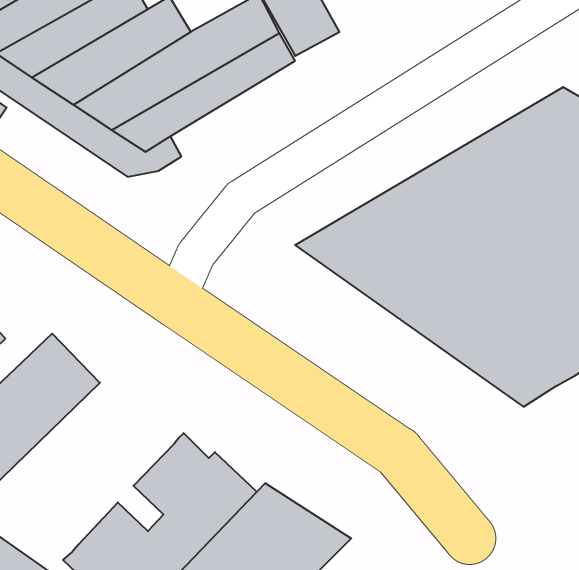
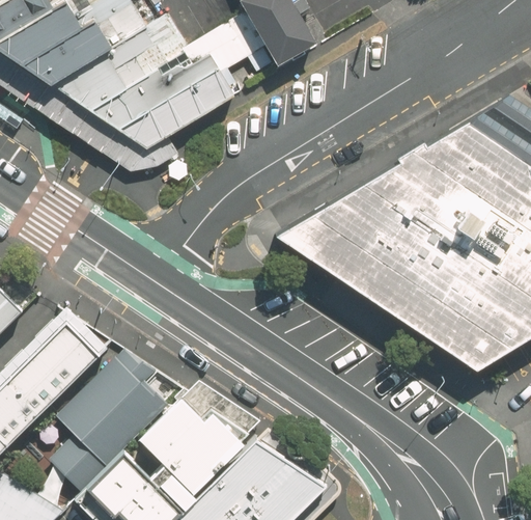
building: none -> [43,344,171,497]

